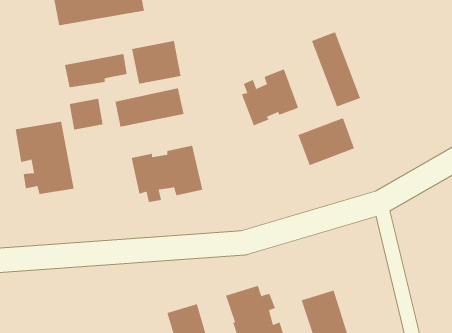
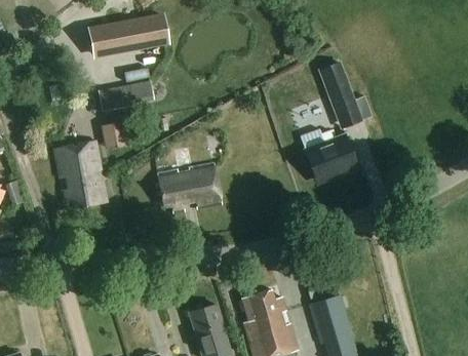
building: [132,40,181,85] -> none
building: [241,69,299,126] -> none
building: [115,87,184,127] -> none

